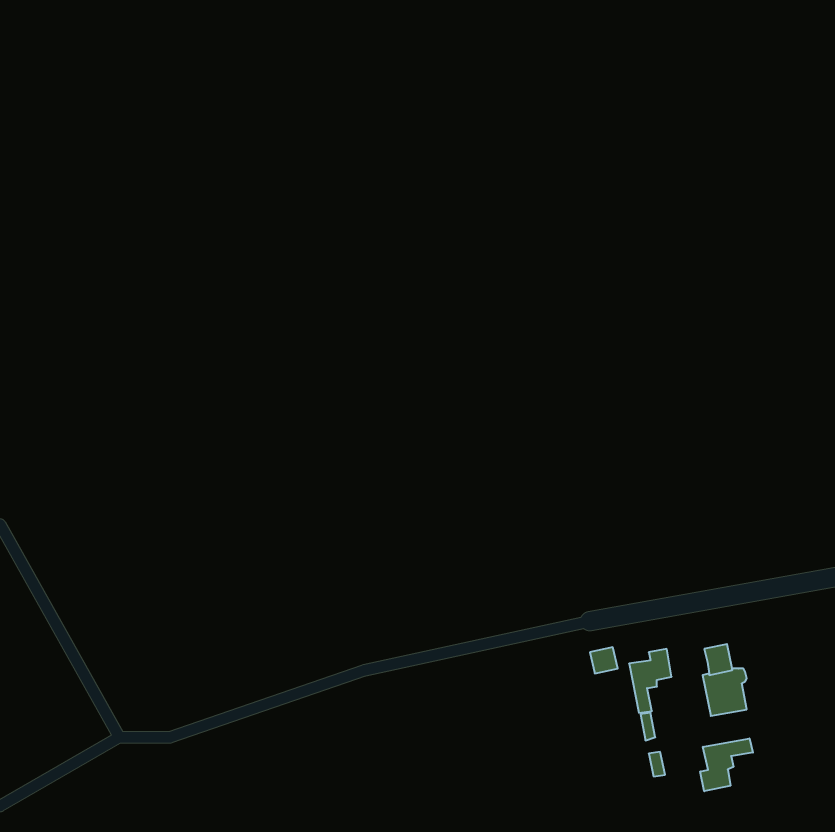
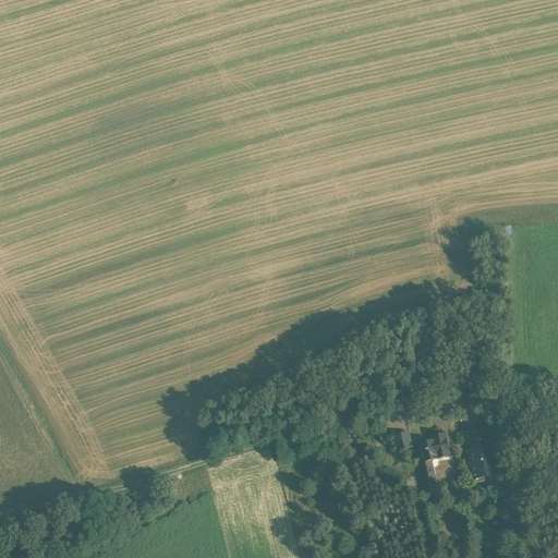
building: [700,738,753,791] -> none

